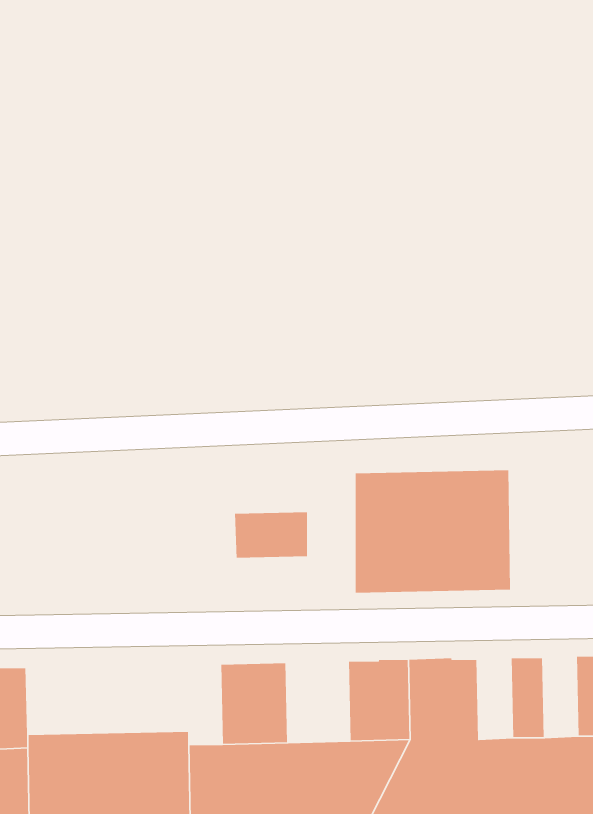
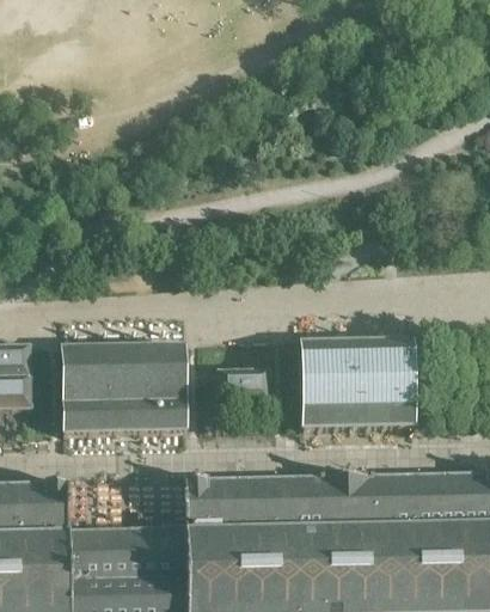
building: none -> [61,347,185,435]
building: none -> [436,475,461,533]
building: none -> [390,476,415,534]
building: none -> [253,478,299,537]
building: none -> [183,479,208,538]

